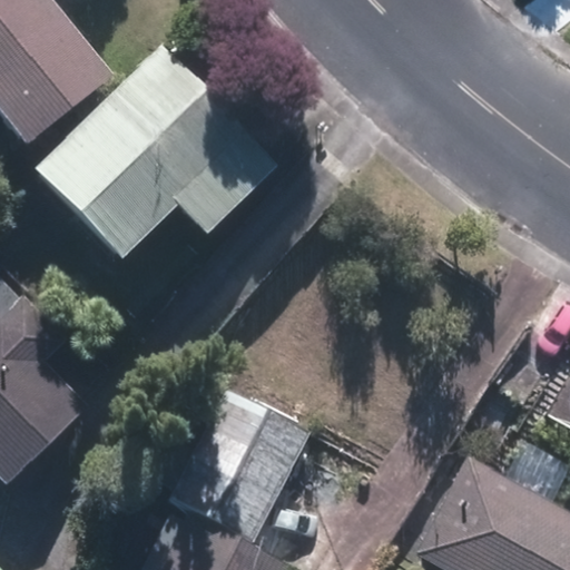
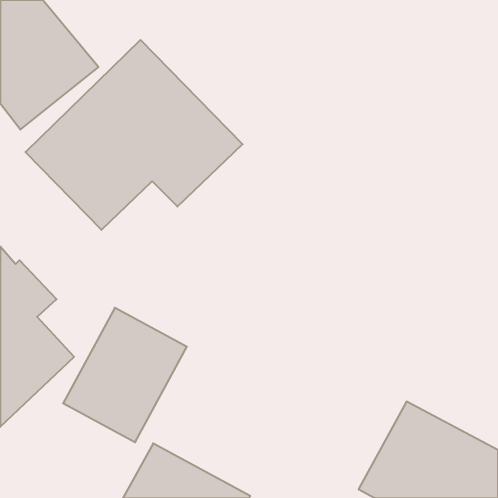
building: [169,389,311,542] -> [63,308,187,442]

